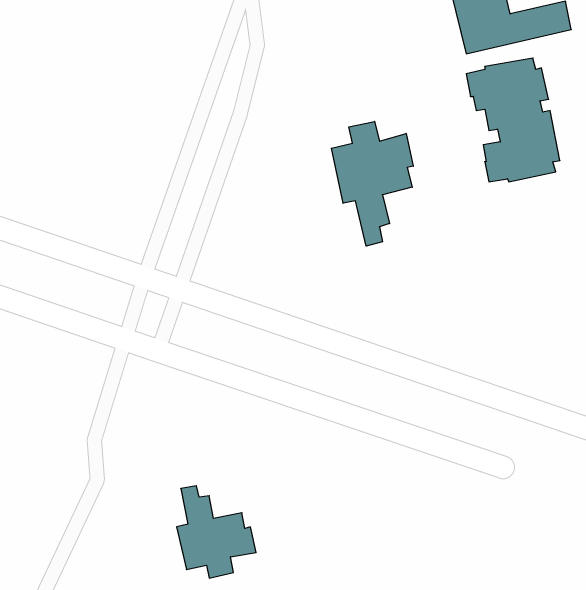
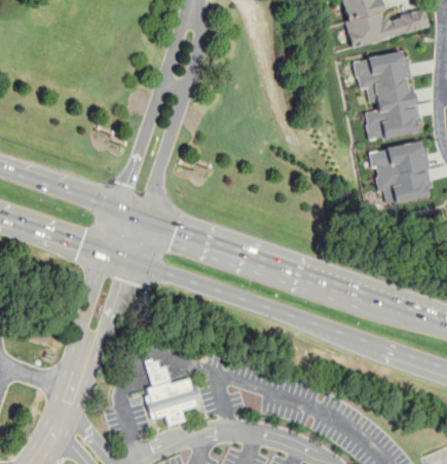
building: [331,121,413,246] -> none
building: none -> [374,140,431,204]

